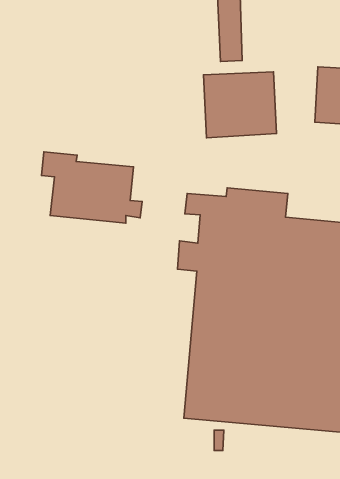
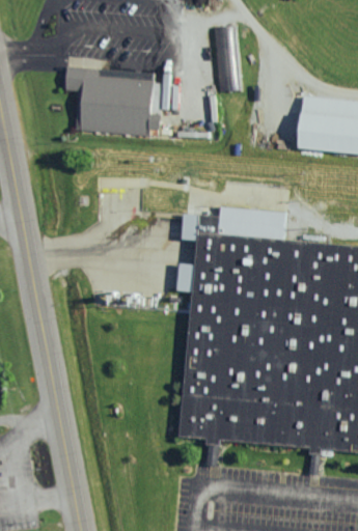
building: [203,72,276,138] -> none
building: [42,152,142,223] -> [63,66,160,135]

